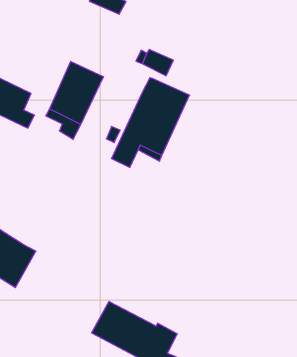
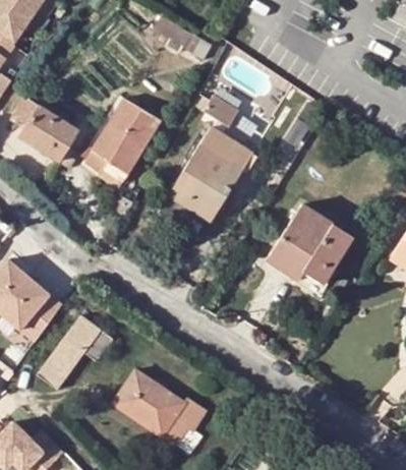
building: none -> [268,204,352,283]
building: none -> [37,316,110,388]

